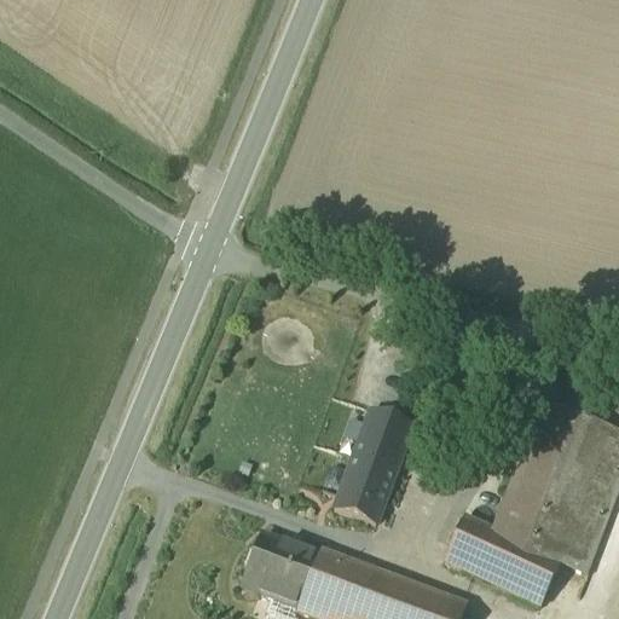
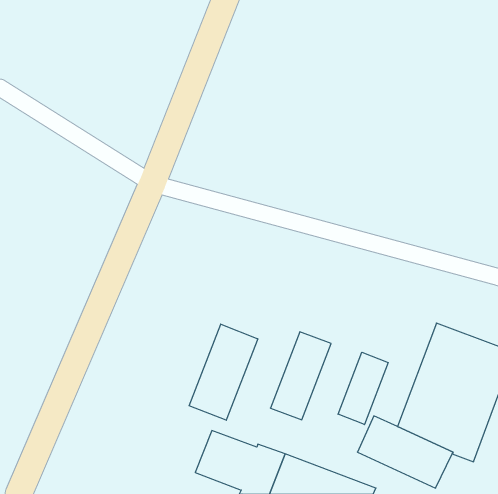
building: none -> [189,324,258,420]
building: none -> [338,352,388,425]

